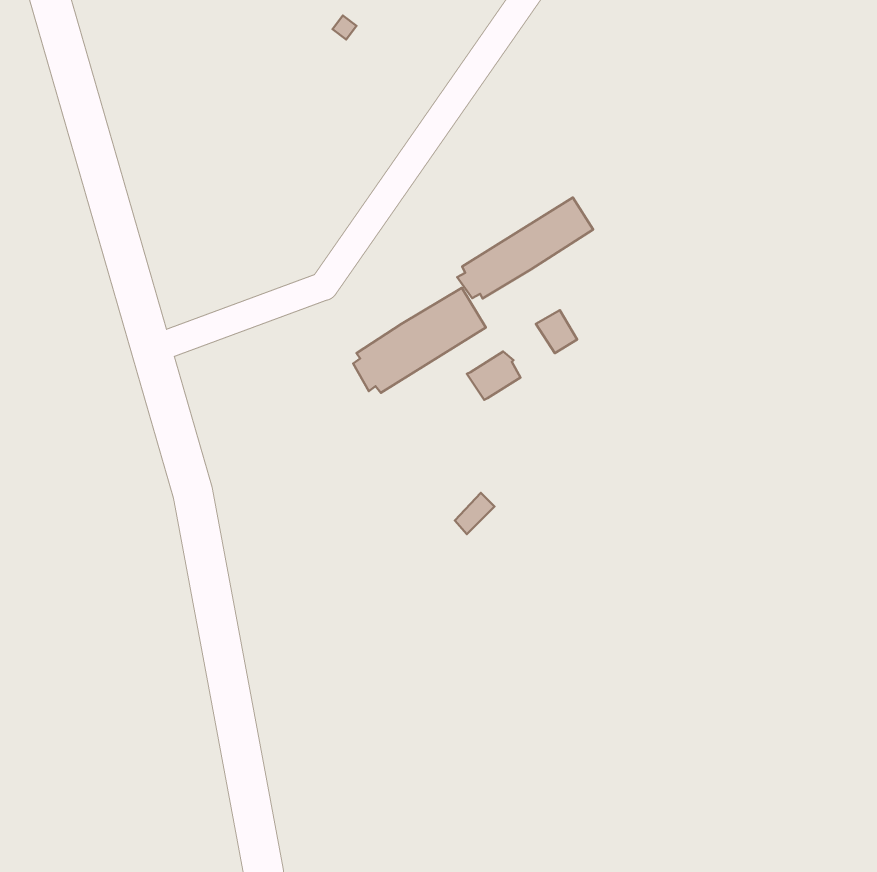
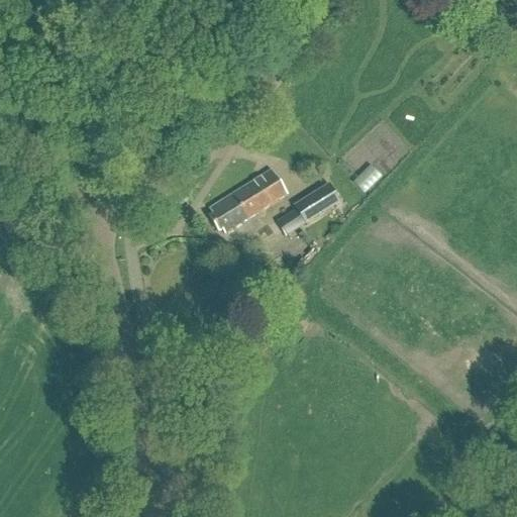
building: [457,198,593,298] -> none

